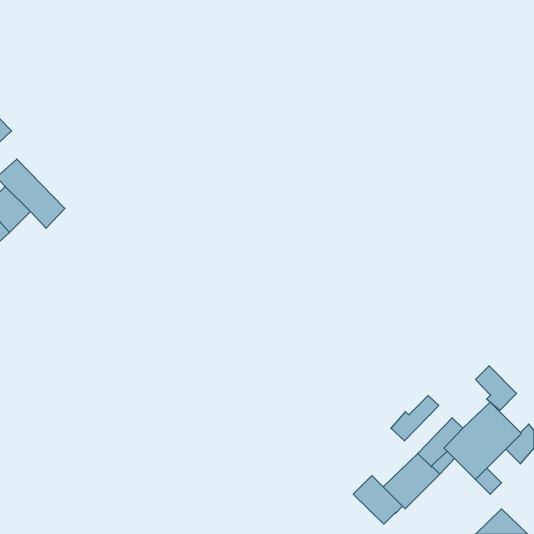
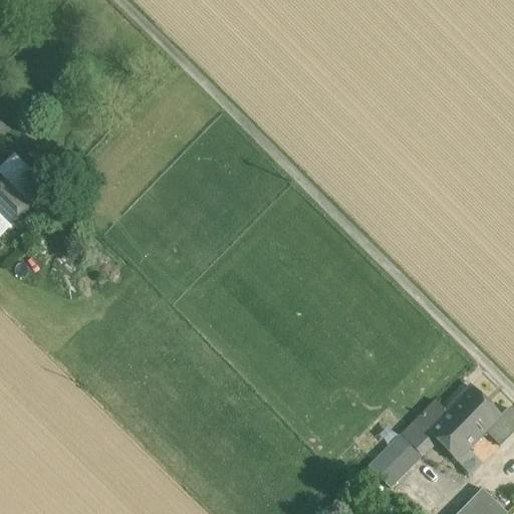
building: [476,366,517,411] -> none
building: [391,396,439,441] -> none
building: [353,476,403,524] -> none

